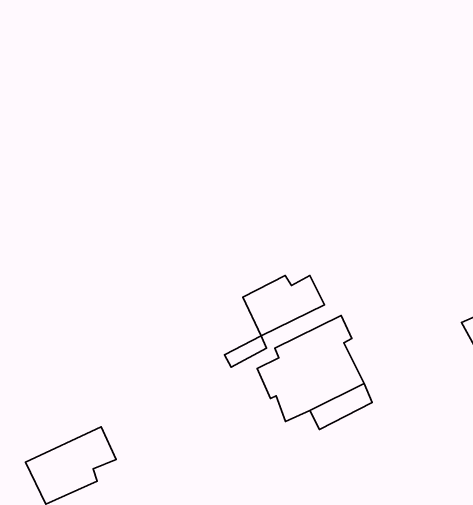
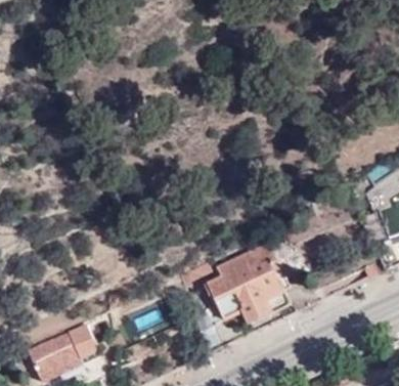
building: [243,275,324,336] -> none

